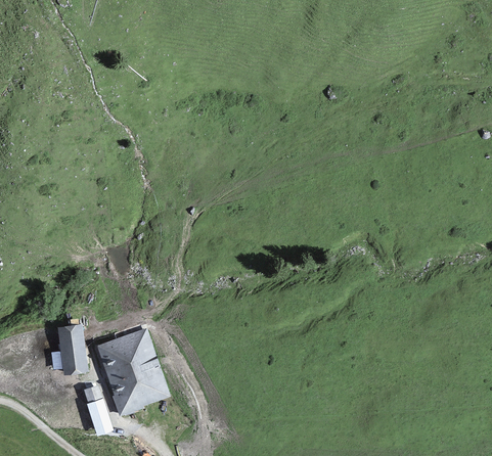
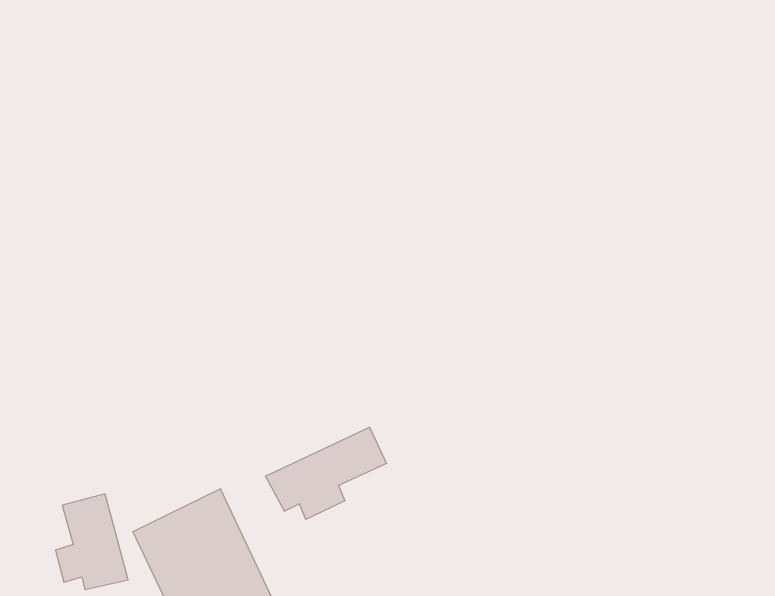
building: none -> [265,427,387,519]

